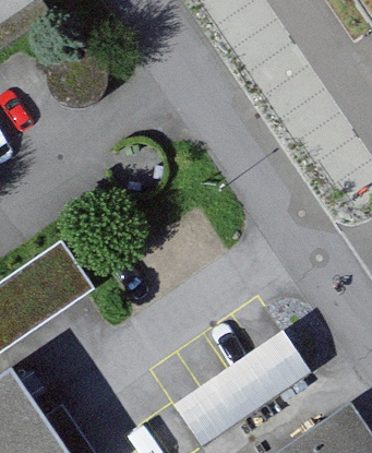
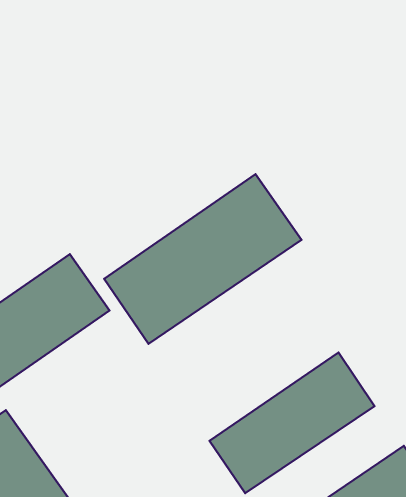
building: none -> [104,174,301,344]

